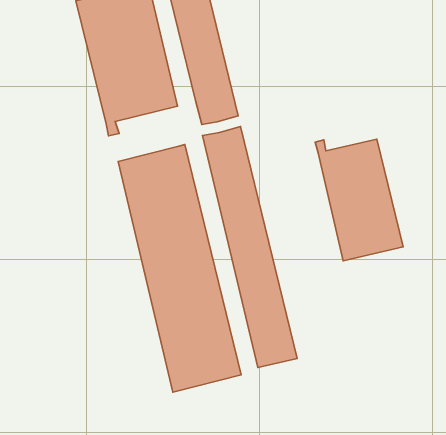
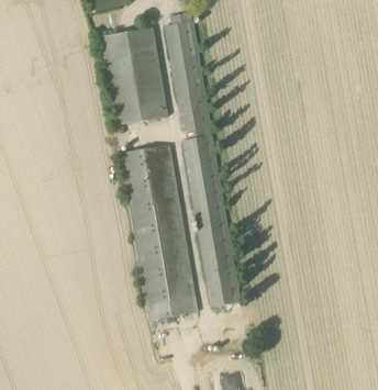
building: [315,139,403,261] -> none

